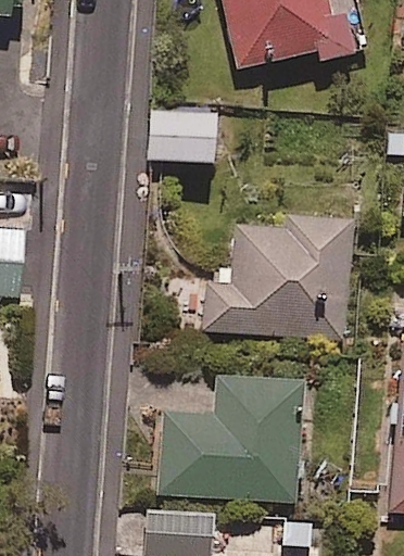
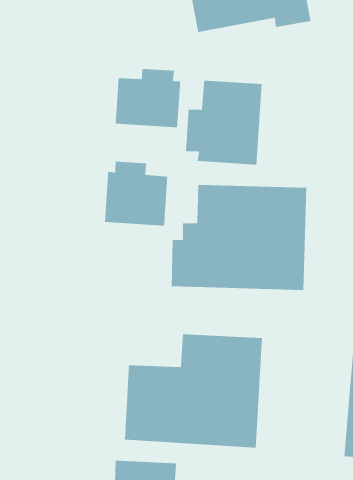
building: none -> [185,80,263,166]
building: none -> [104,161,168,227]

